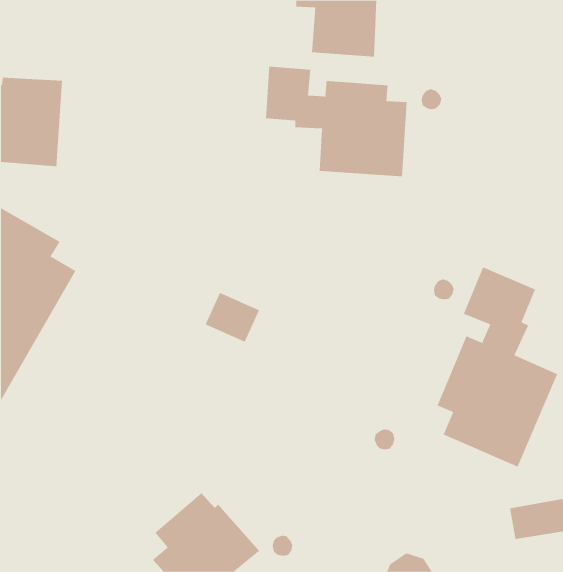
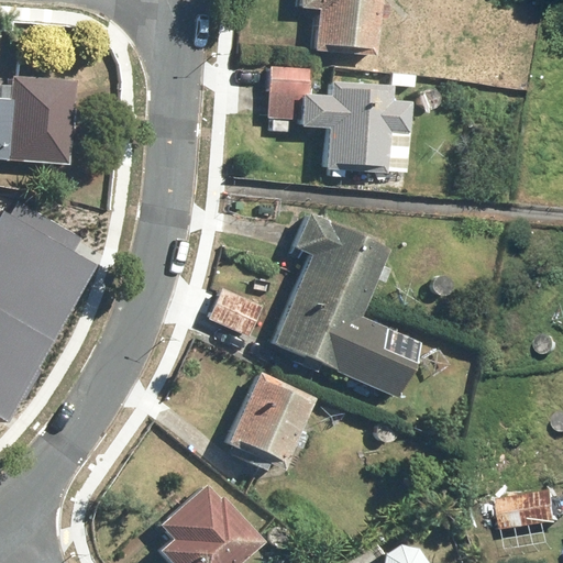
building: none -> [271,211,412,394]
building: [437,267,558,467] -> none
building: none -> [223,369,316,470]

